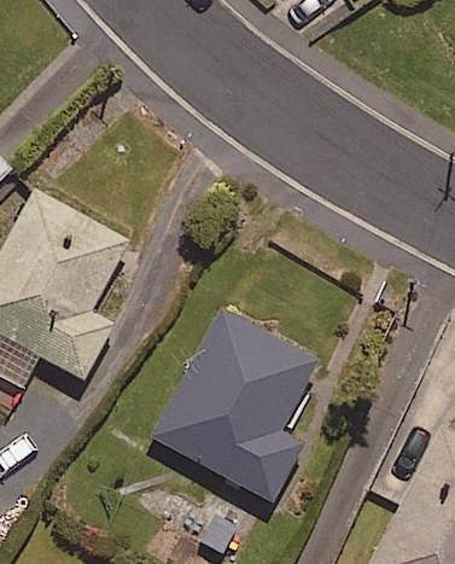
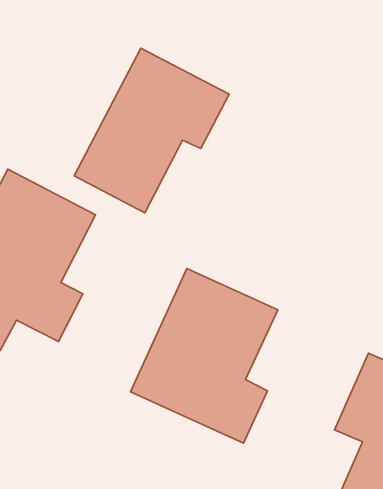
building: none -> [74,48,229,213]

